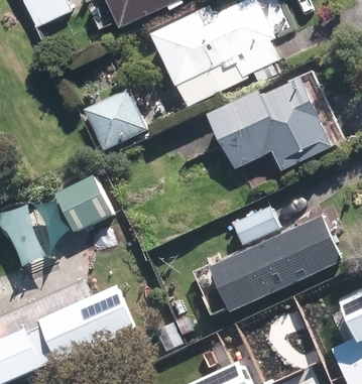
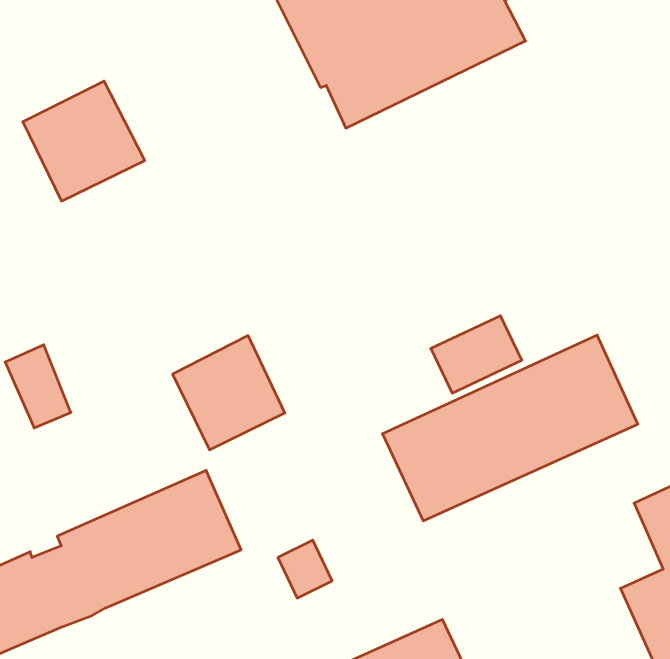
building: [206,74,329,172] -> none
building: [85,89,148,151] -> [23,81,145,201]
building: [54,172,113,232] -> [173,336,285,450]

